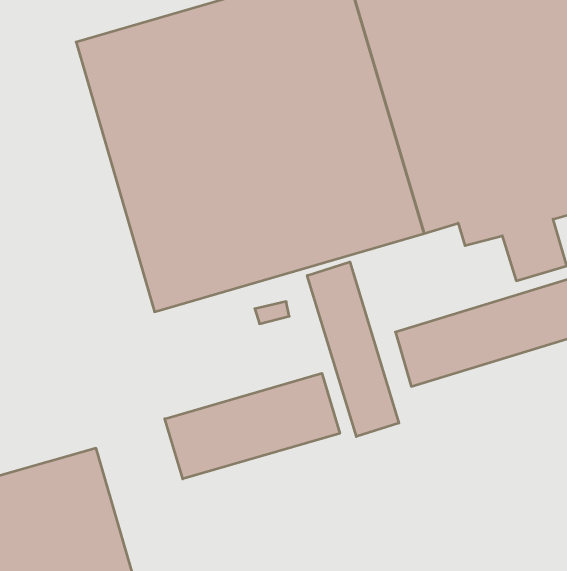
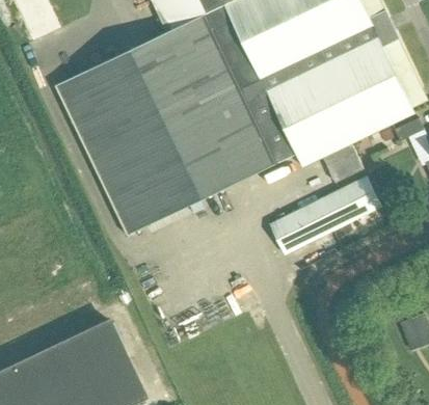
building: [307,262,399,437] -> none
building: [165,373,340,479] -> none

